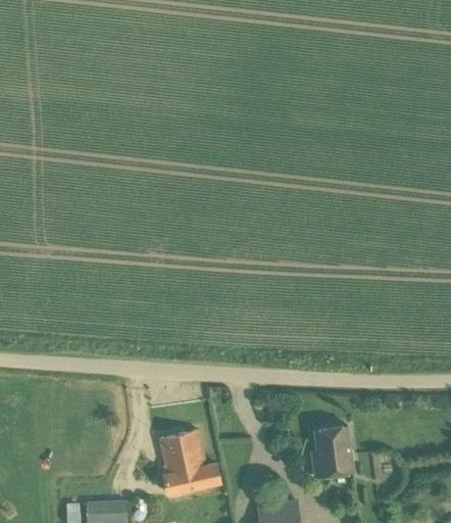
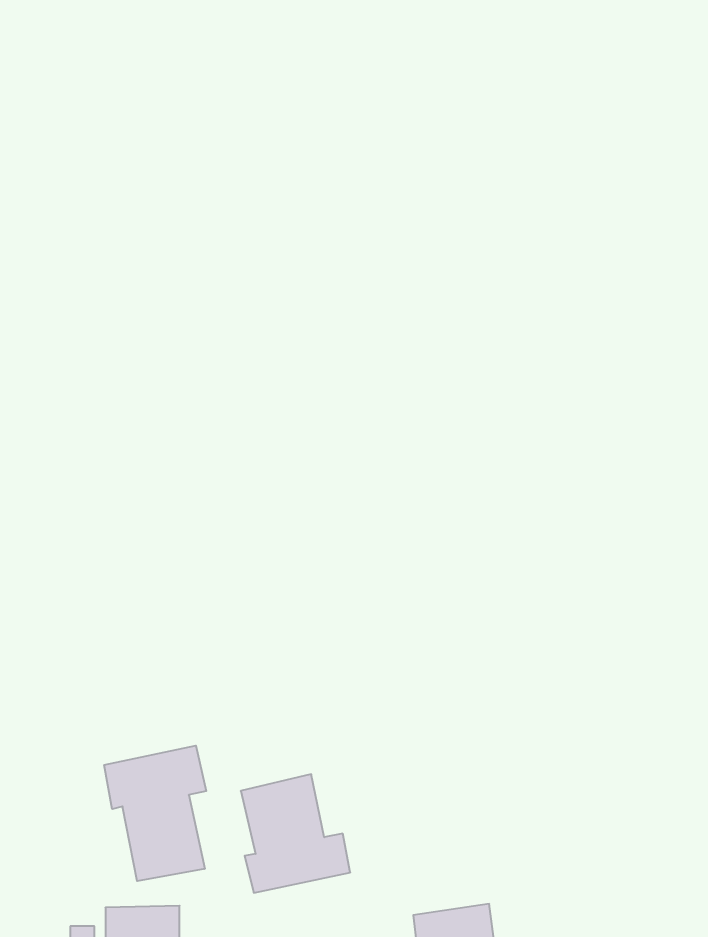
building: none -> [104,746,206,881]
building: [311,428,353,478] -> none

